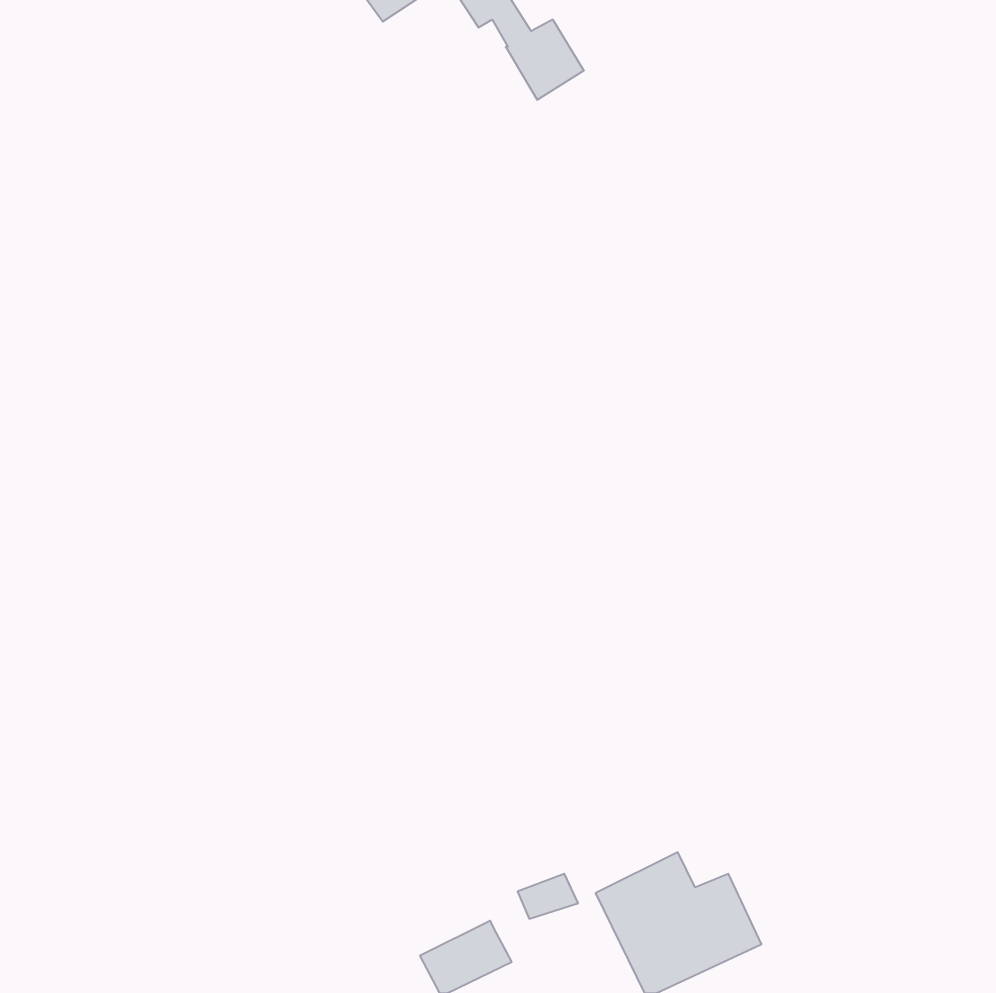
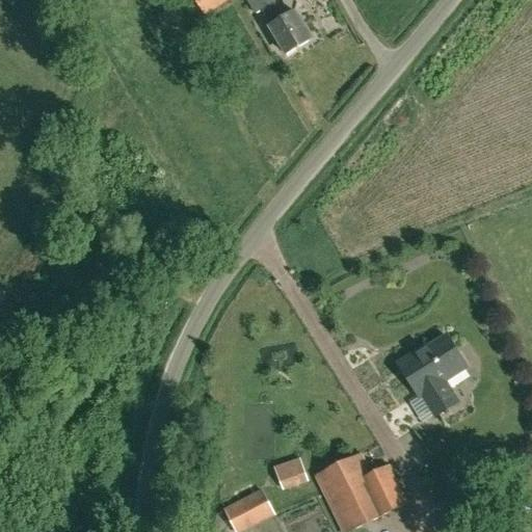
building: none -> [397,334,464,414]

